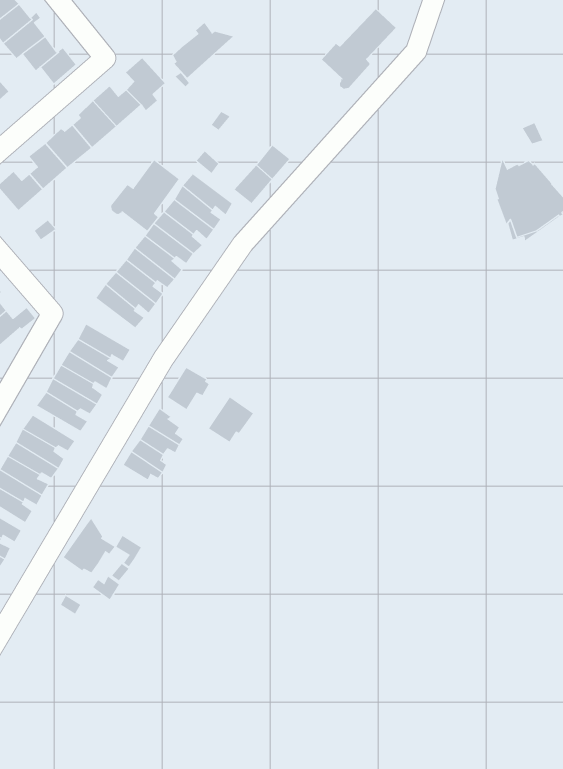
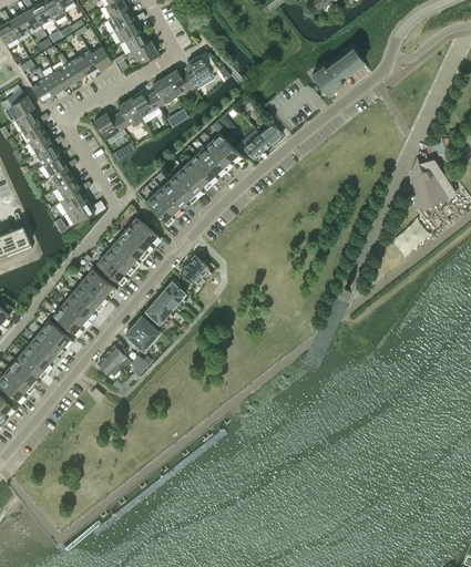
building: [172,22,234,78] -> none
building: [111,159,180,231] -> none
building: [208,397,254,442] -> none
building: none -> [124,316,158,350]

